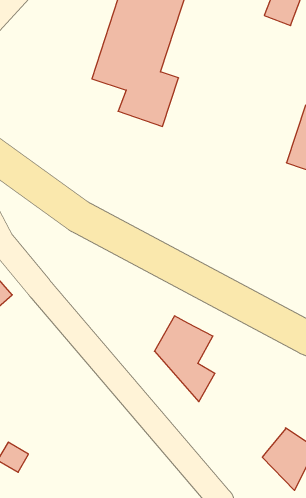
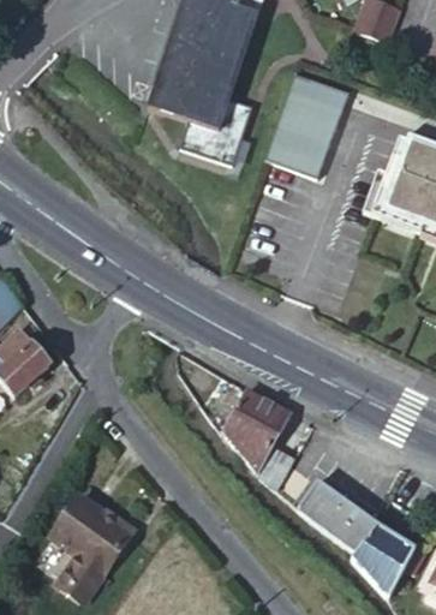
building: none -> [267,72,352,178]
building: none -> [297,479,378,550]
building: none -> [54,495,135,597]

